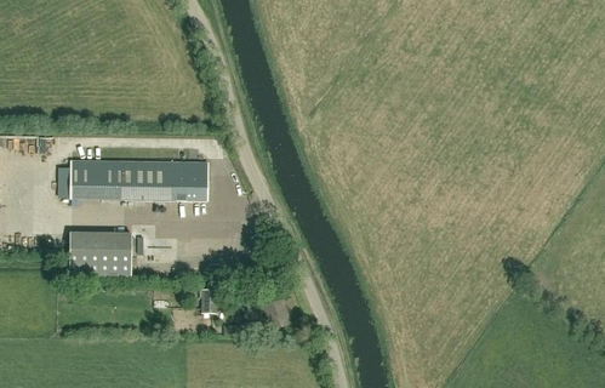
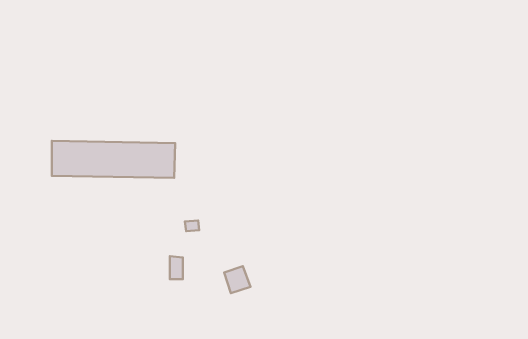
building: [69,232,131,275] -> none

